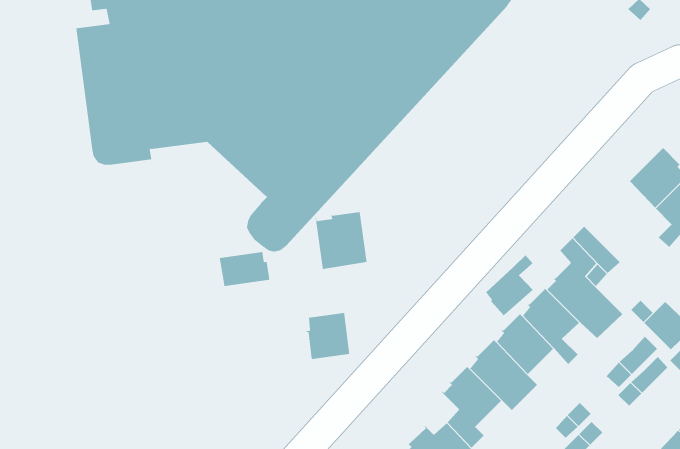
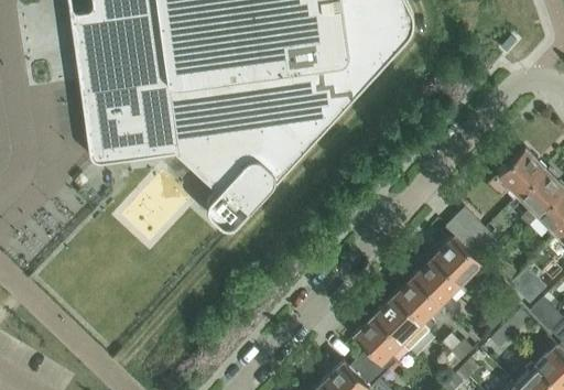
building: [315,209,367,270] -> none
building: [219,251,272,287] -> none
building: [486,255,533,317] -> none
building: [306,312,350,360] -> none

